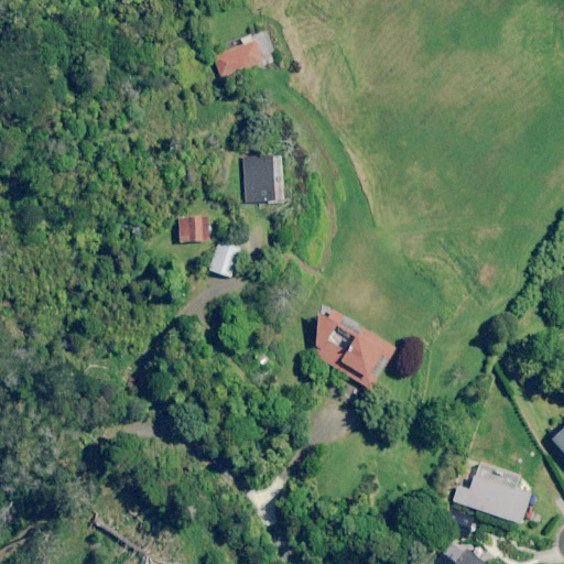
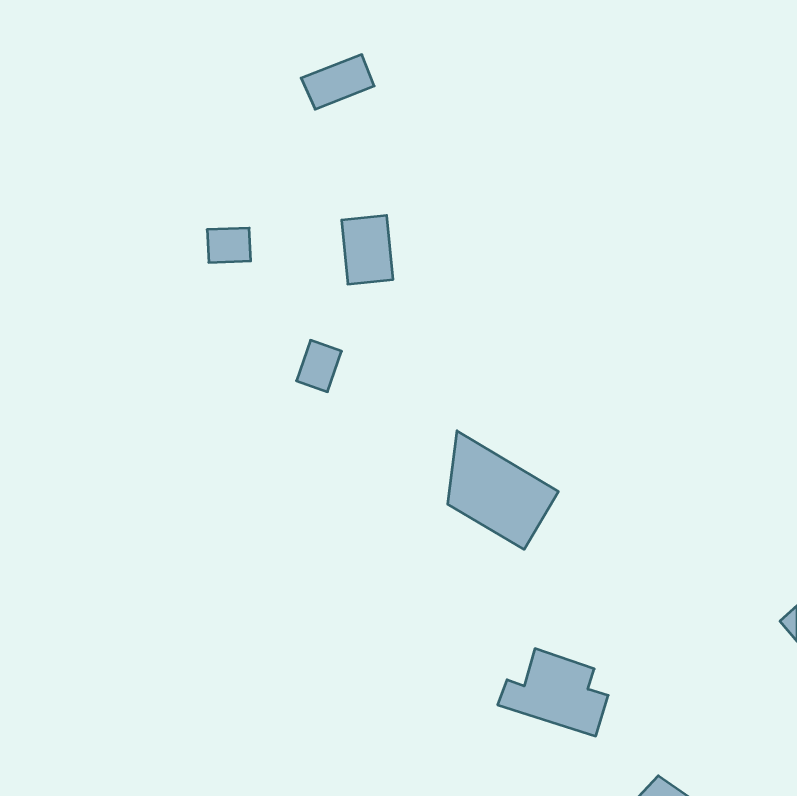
building: [177,216,208,240] -> [207,228,251,262]
building: [451,463,529,524] -> [498,649,608,736]

